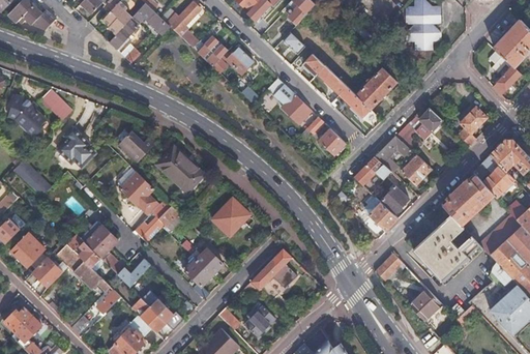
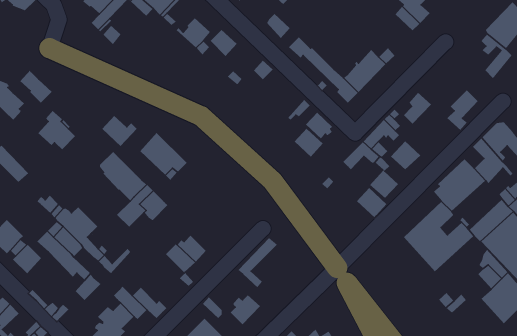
building: [283,93,312,122] -> [294,128,324,157]
building: [212,197,251,236] -> none
building: [376,253,405,283] -> none
building: [409,288,441,320] -> none

